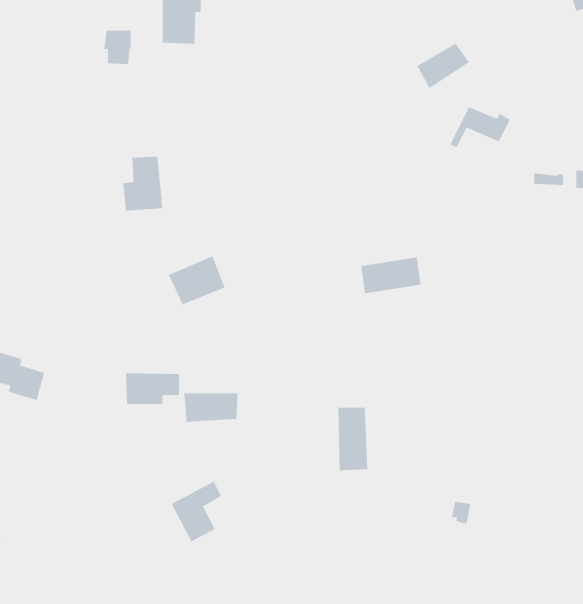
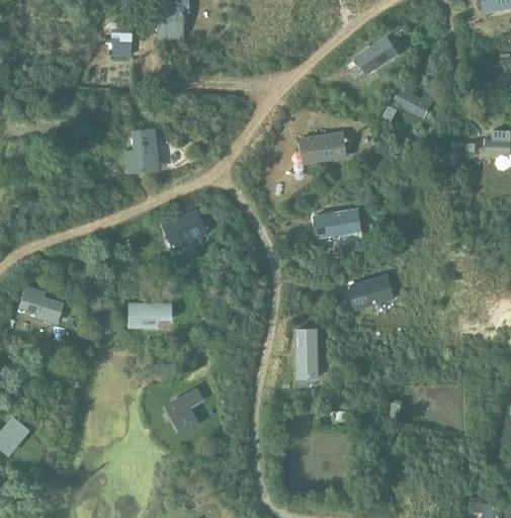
building: none -> [300,134,348,165]
building: none -> [347,274,395,312]
building: [184,393,238,422] -> none

